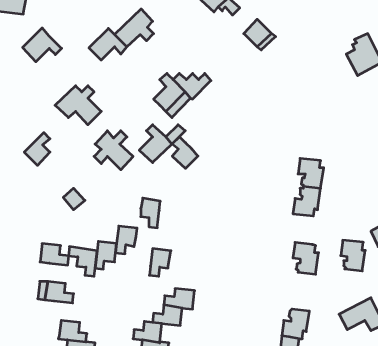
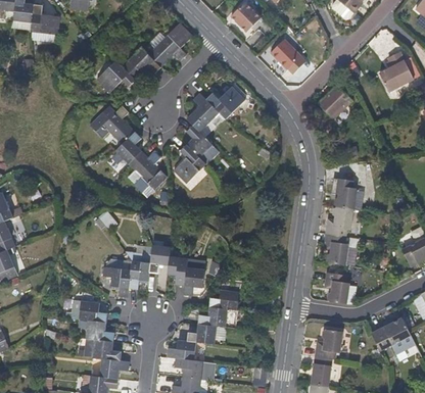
building: [23,28,62,62] -> [96,59,135,93]
building: none -> [318,82,356,118]
building: [24,133,50,165] -> [115,131,141,163]
building: [172,137,198,168] -> [186,125,211,156]
building: [141,198,160,228] -> [168,255,187,285]
building: [341,240,365,271] -> [324,233,348,263]
building: [40,244,69,265] -> [86,320,114,341]
building: none -> [208,283,240,310]

